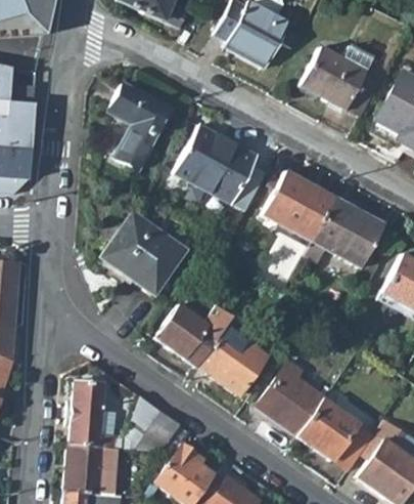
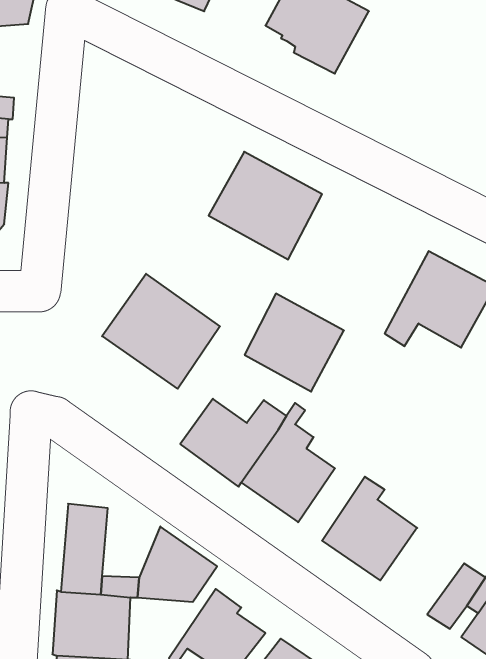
building: [302,45,371,111] -> none
building: [109,85,171,171] -> none
building: [263,171,334,242] -> [245,294,344,392]
building: [300,398,360,460] -> none

